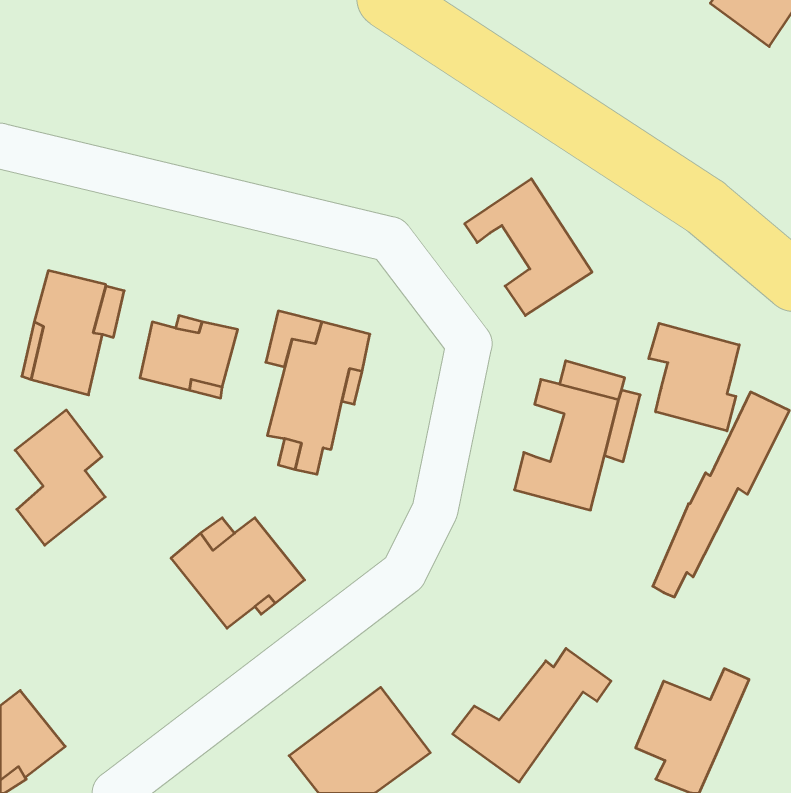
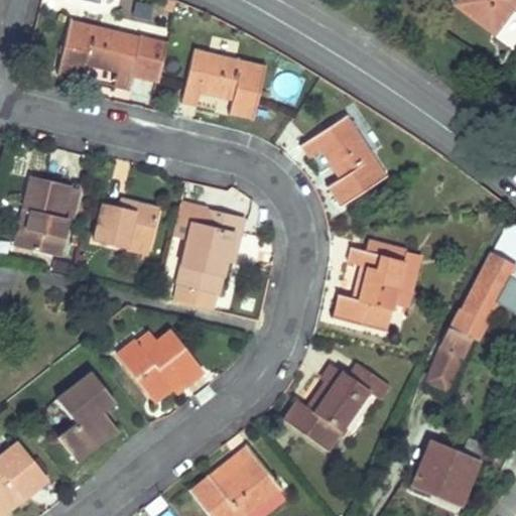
building: none -> [58,17,168,84]
building: none -> [182,48,267,118]
building: [649,323,739,431] -> none
building: [15,410,105,545] -> [54,377,113,465]
building: [453,648,611,782] -> [284,364,387,450]

